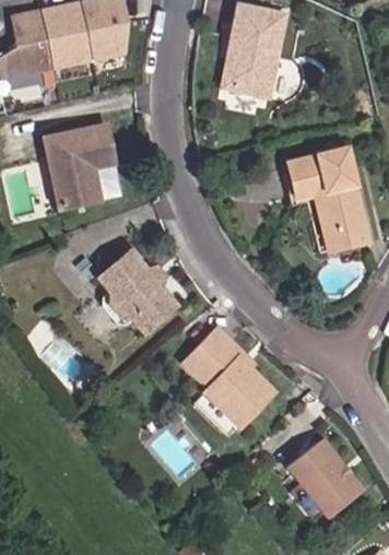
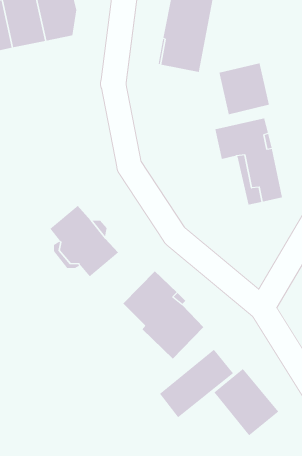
building: none -> [219,62,270,115]
building: [45,129,115,212] -> none
building: none -> [159,349,234,418]

